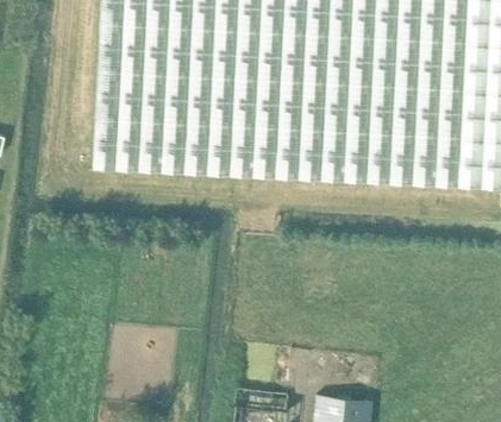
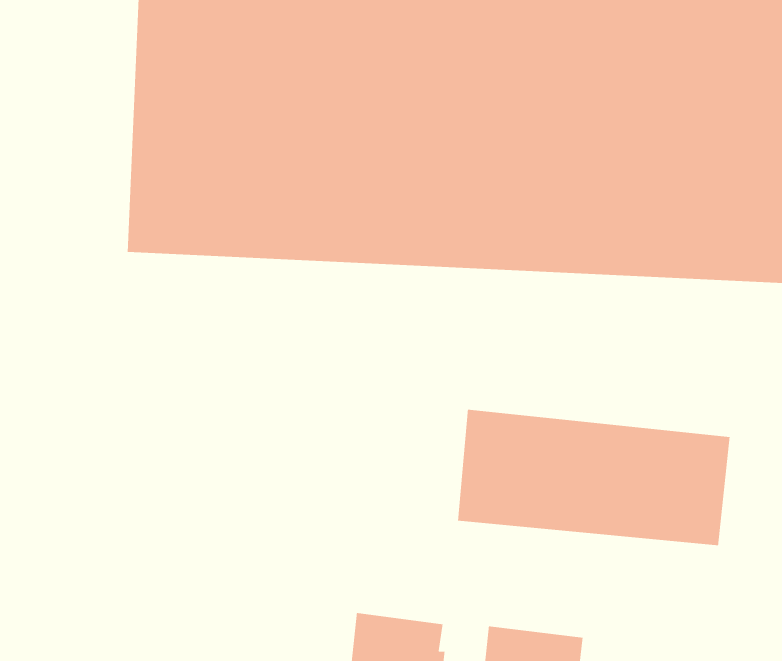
building: none -> [457,409,730,546]

